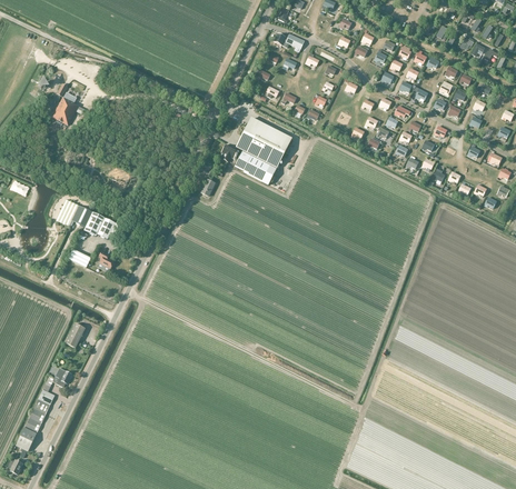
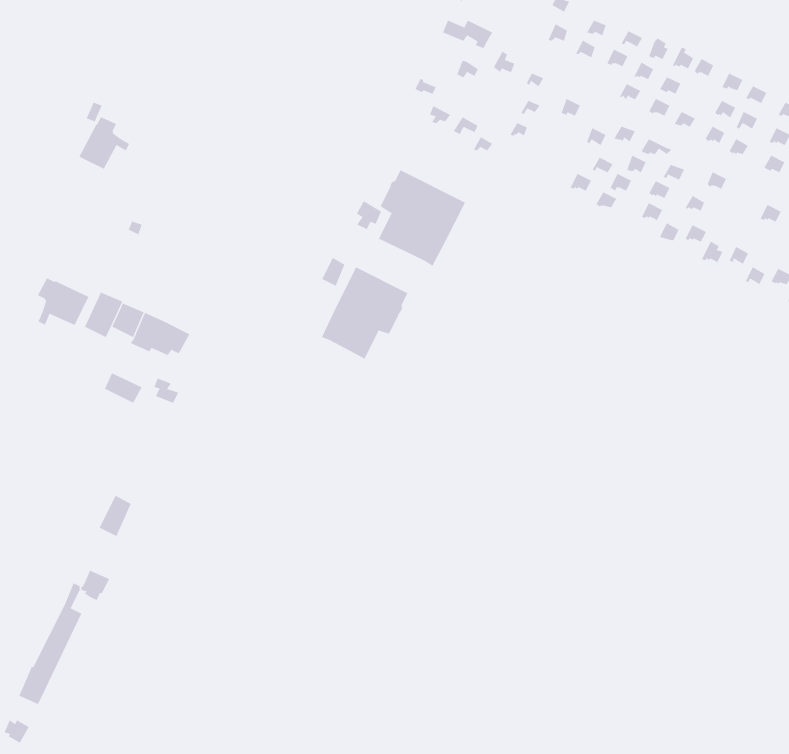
building: none -> [321,267,408,359]
building: none -> [37,277,89,326]

